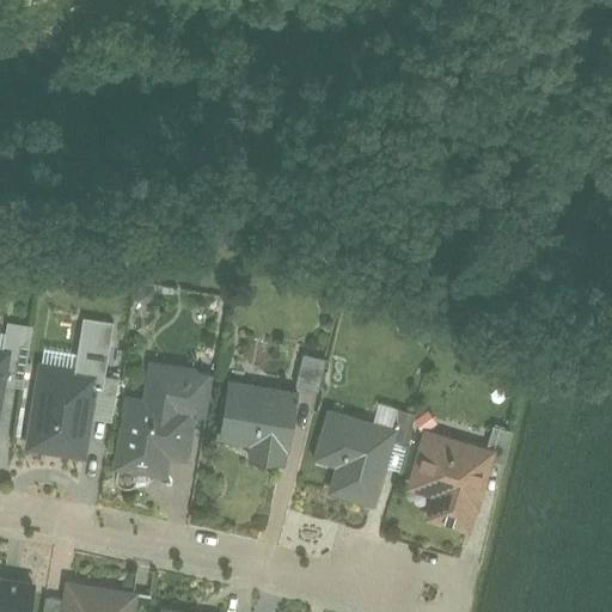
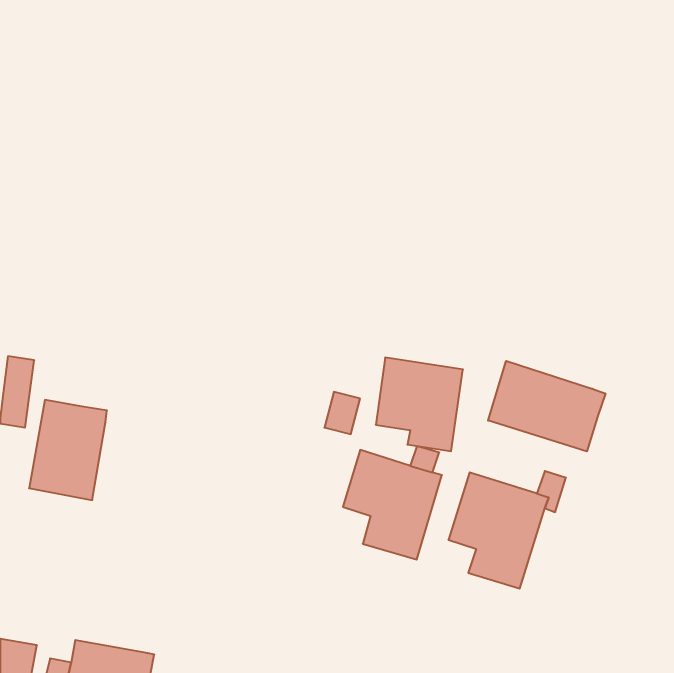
building: [74,317,112,384] -> none
building: none -> [488,361,605,451]
building: [115,361,209,478] -> none
building: [220,381,299,466] -> [376,358,463,451]

